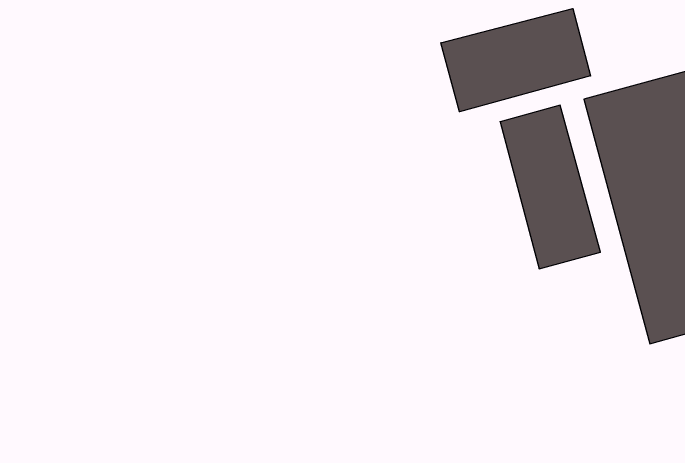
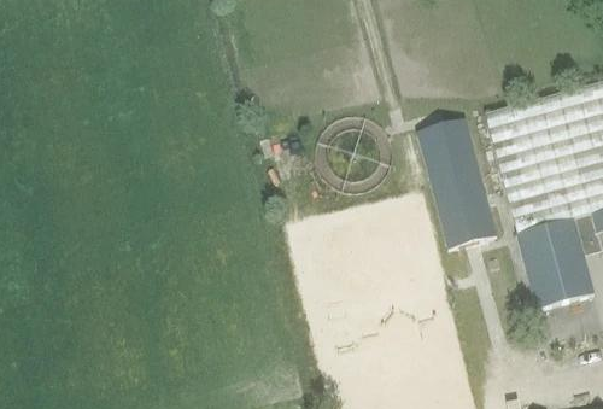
building: [441,9,591,112] -> none

